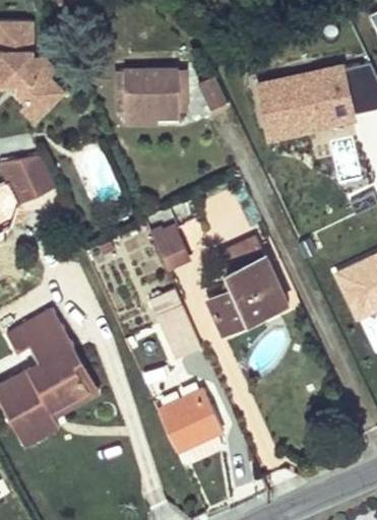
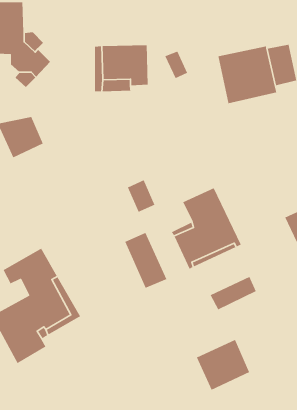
building: none -> [209,276,257,311]
building: [158,390,222,451] -> [196,339,250,391]

